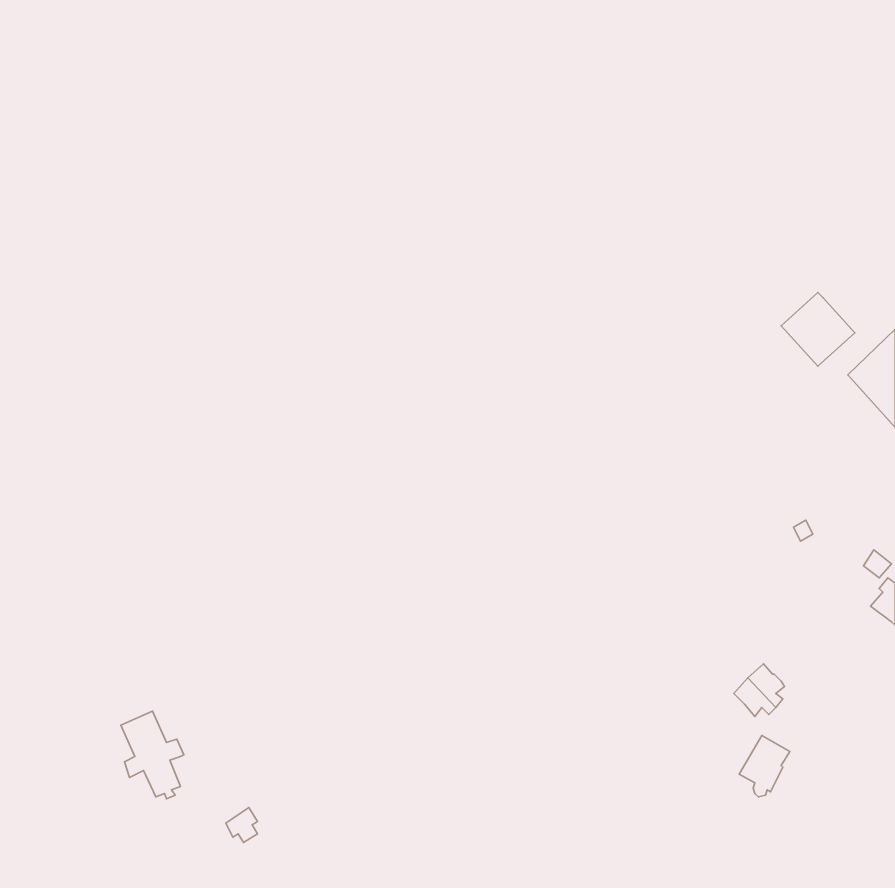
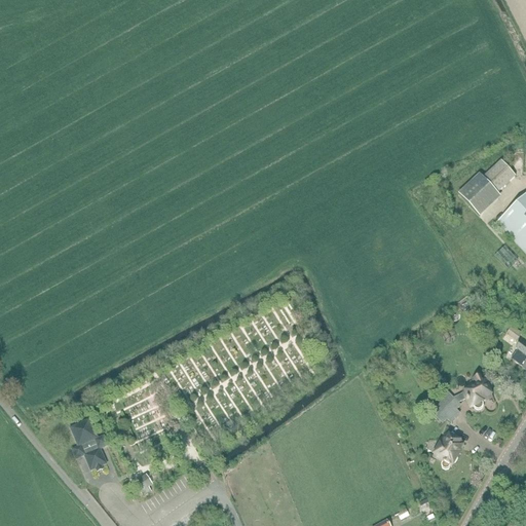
building: none -> [483,158,516,190]
building: none -> [453,373,492,407]

